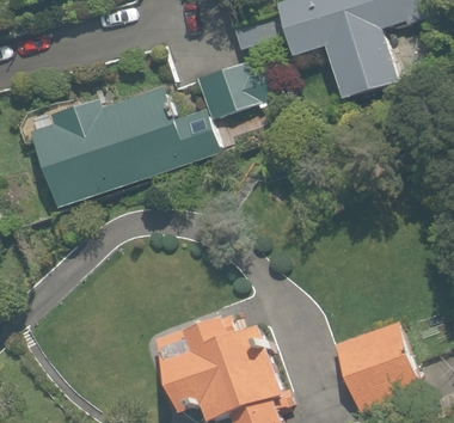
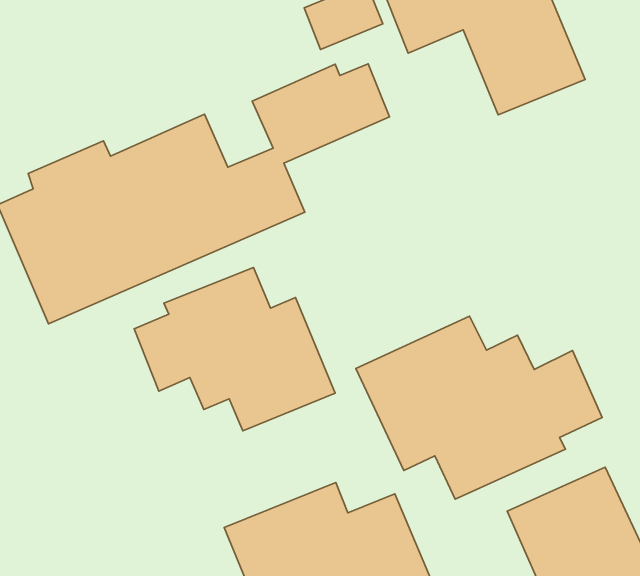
building: none -> [134,268,335,431]
building: none -> [356,316,602,499]

